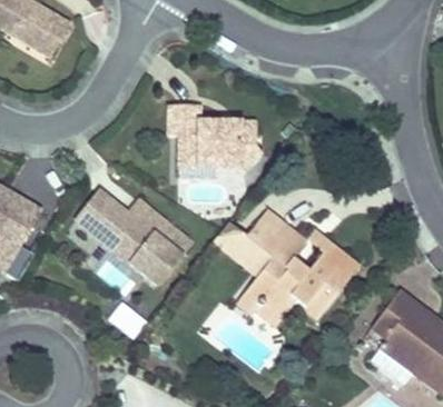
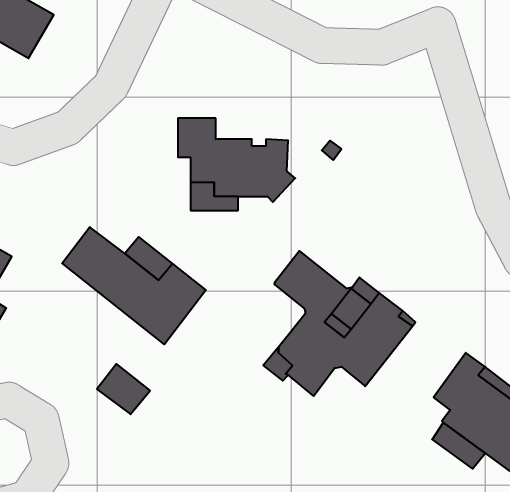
building: [215,220,272,275] -> none

